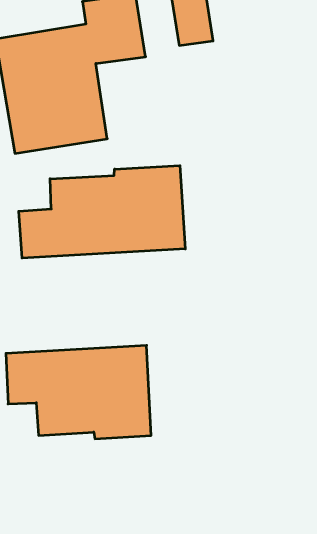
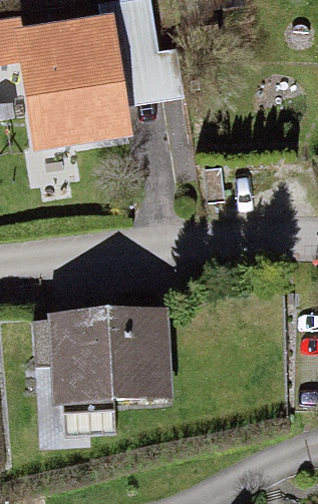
building: [19,166,185,258] -> none

